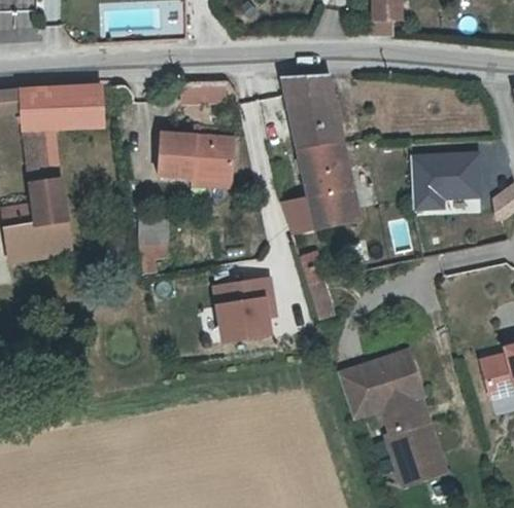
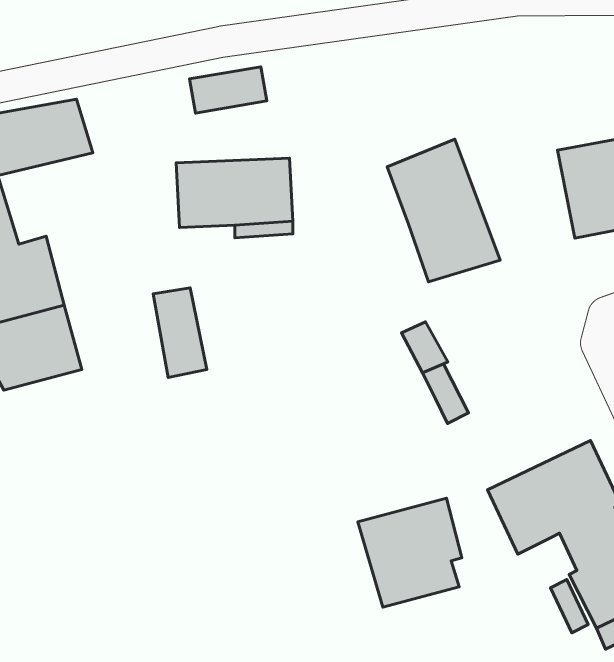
building: [282,77,345,152] -> none
building: [282,191,316,233] -> none
building: [211,277,276,342] -> [358,498,462,607]

